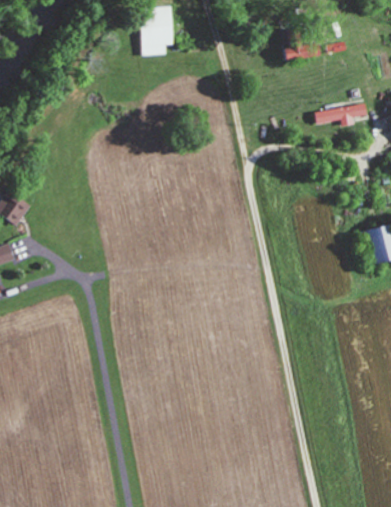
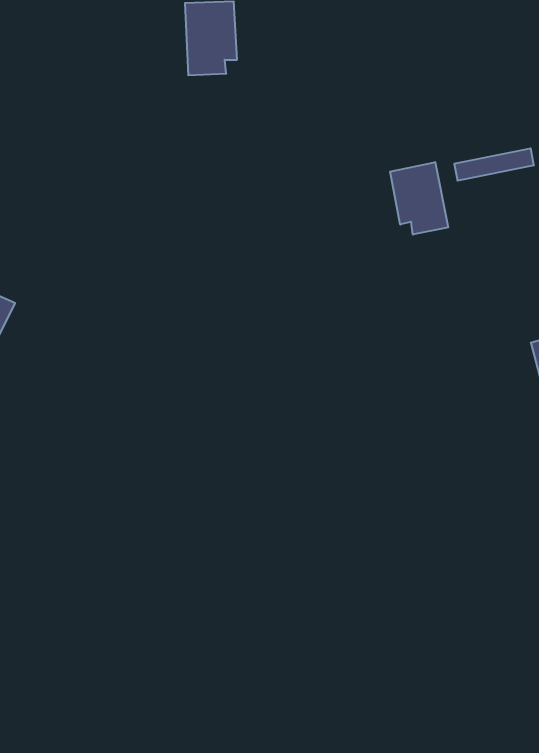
building: none -> [390,162,448,235]

